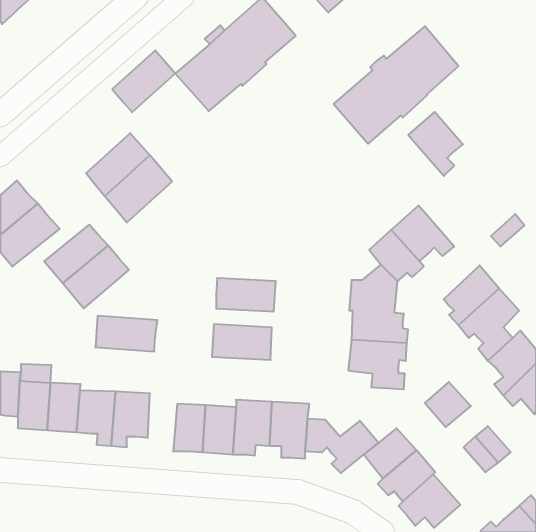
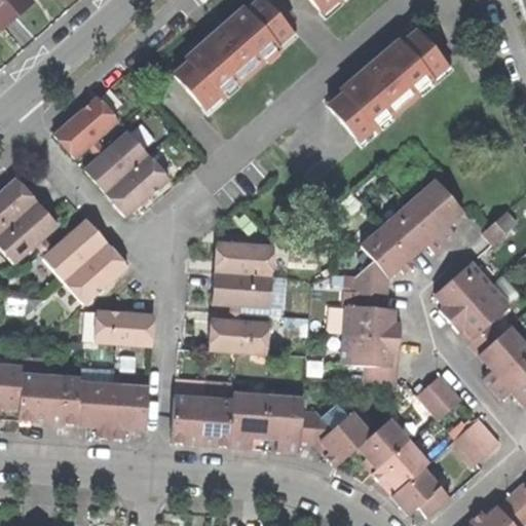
building: [112,50,175,112] -> [54,97,116,157]
building: [408,112,463,176] -> [410,179,463,241]
building: none -> [213,241,272,275]

